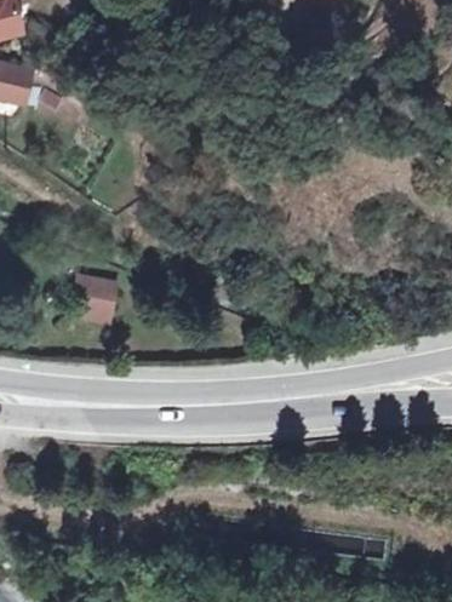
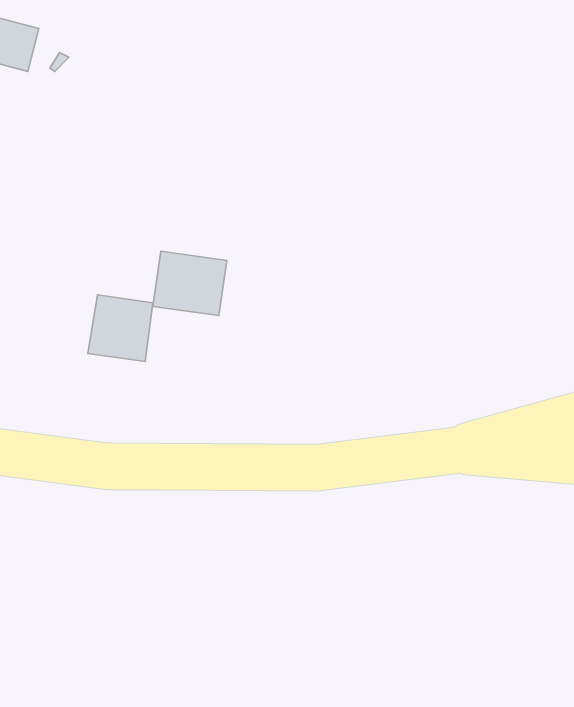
building: none -> [153,251,227,316]

